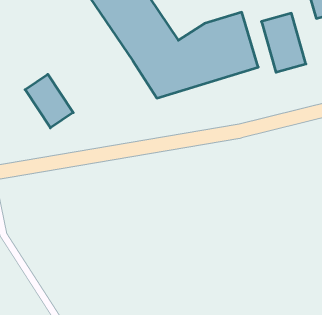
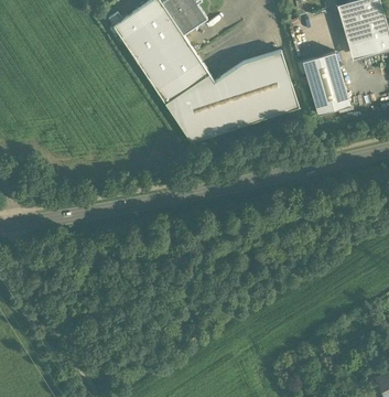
building: [25,74,73,128] -> none

